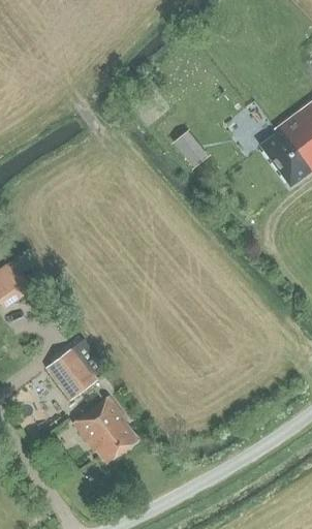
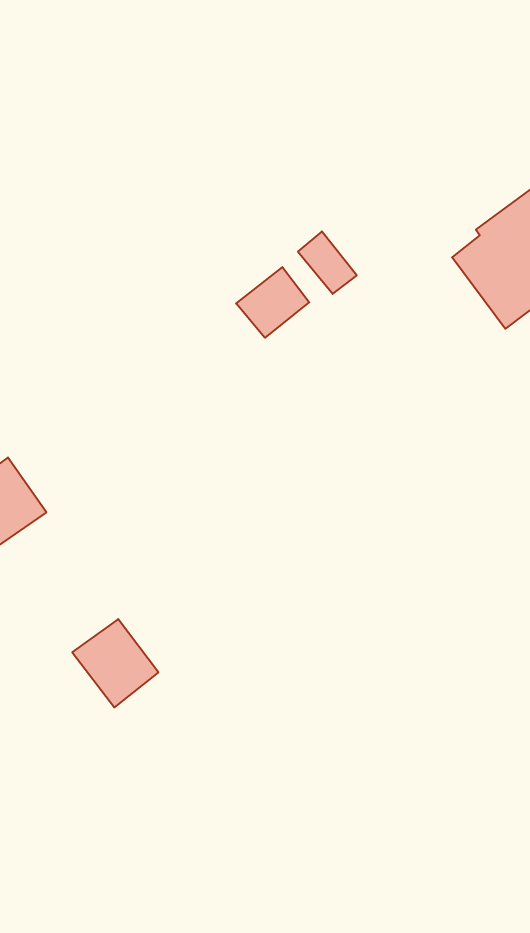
building: none -> [236,267,309,338]
building: [72,395,136,462] -> none

